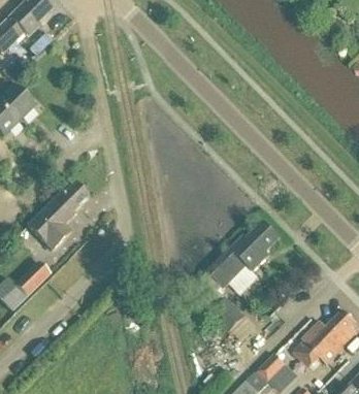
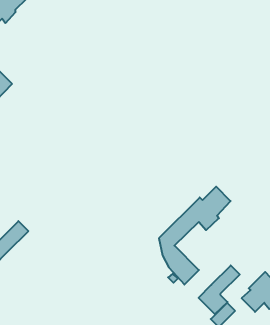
building: [26,184,86,250] -> none
building: none -> [199,265,240,314]

